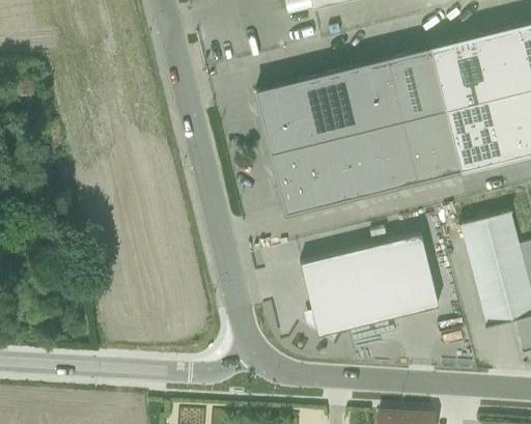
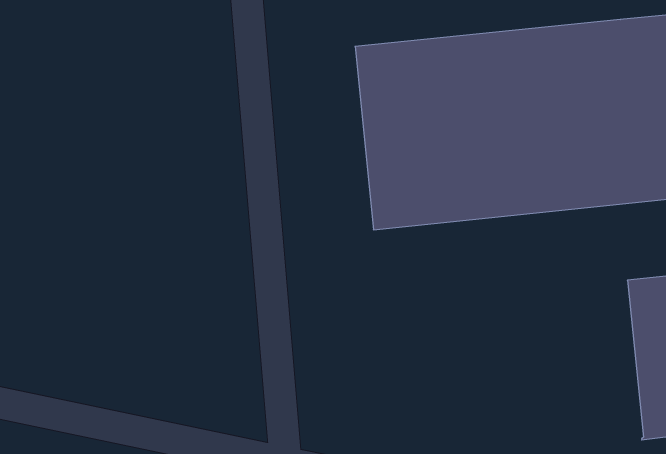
building: [301,234,439,340] -> none

